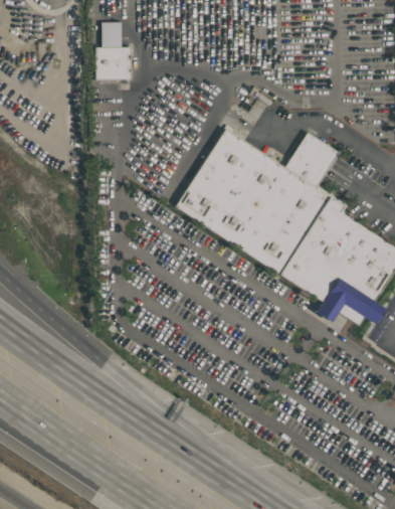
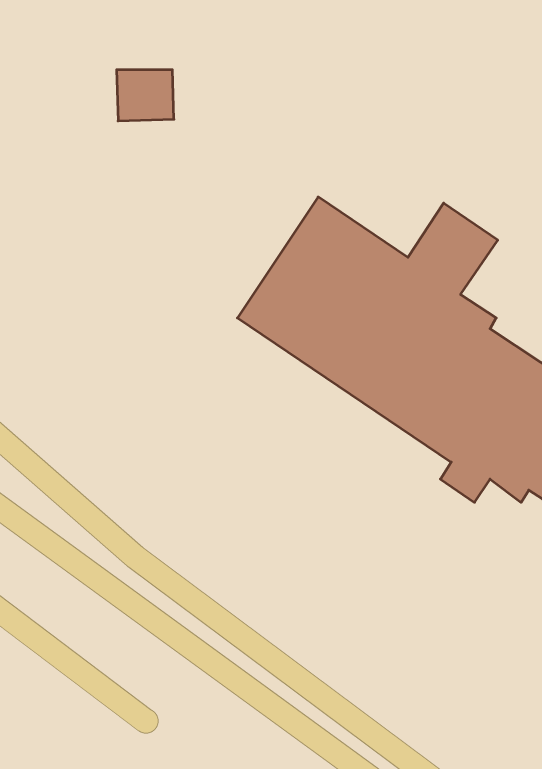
building: [105,20,126,45] -> none

